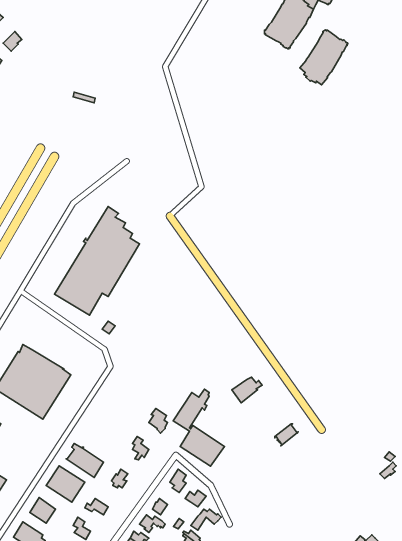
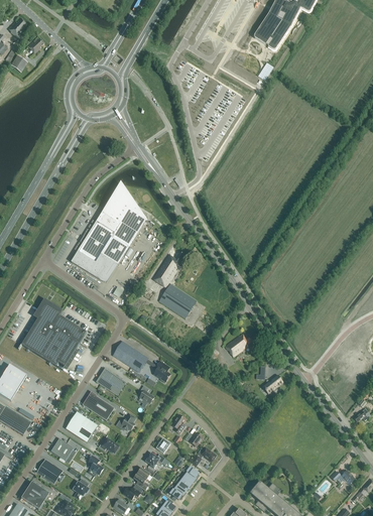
building: [300,30,348,85] -> none
building: none -> [113,341,147,371]
building: [173,389,224,466] -> [152,251,197,317]
building: none -> [96,368,125,395]

